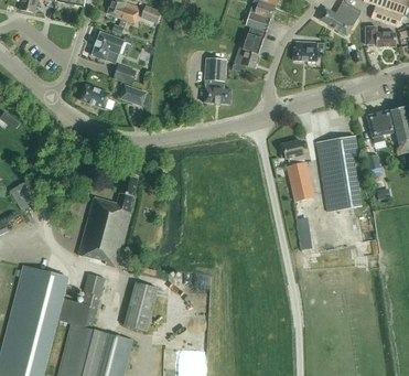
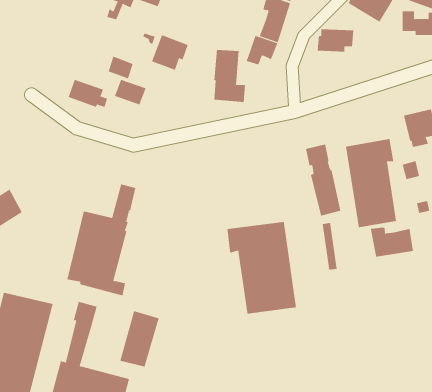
building: [92,31,123,62] -> [151,34,188,71]
building: none -> [227,221,296,314]
building: none -> [370,227,414,257]

